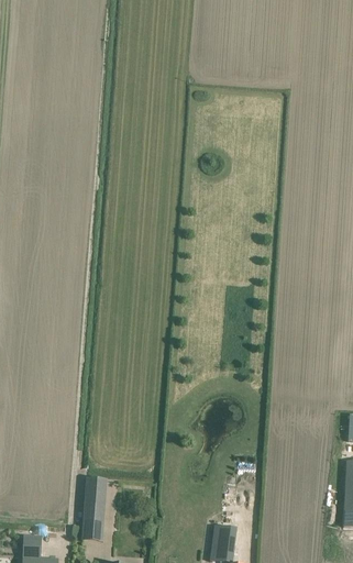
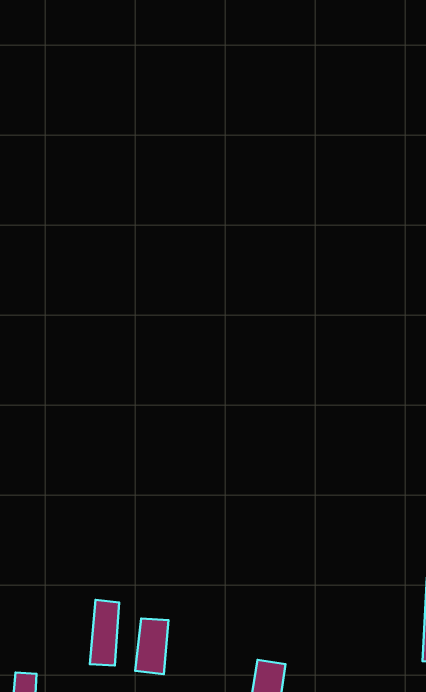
building: none -> [135,619,168,674]

